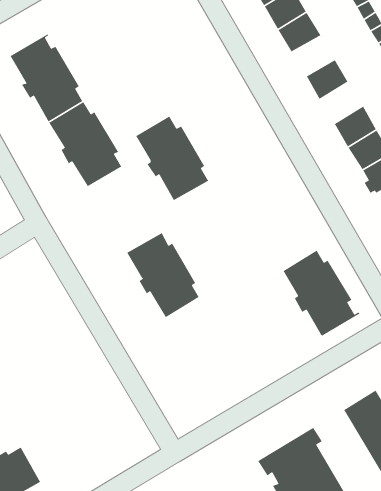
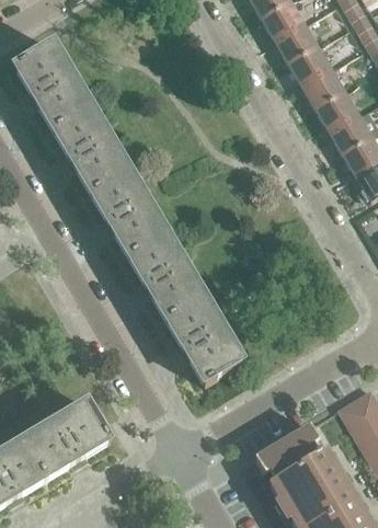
building: none -> [287,44,330,83]
building: none -> [314,89,357,129]
building: [135,113,213,201] -> [90,169,165,254]
building: [282,247,360,336] -> [165,295,241,381]
building: none -> [23,400,110,477]

